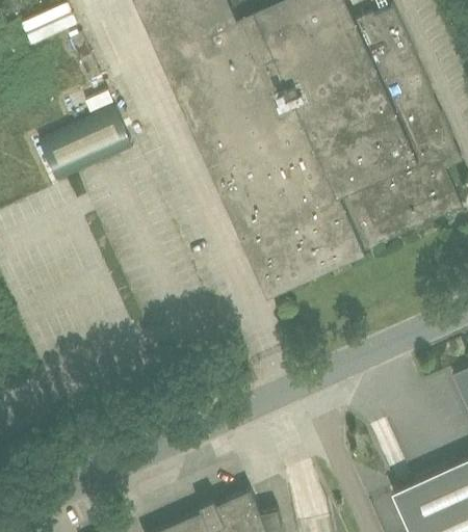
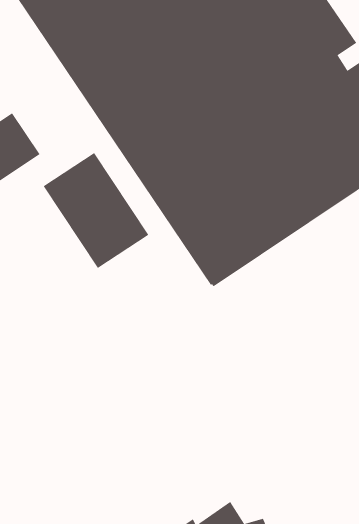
building: none -> [43,152,149,269]

